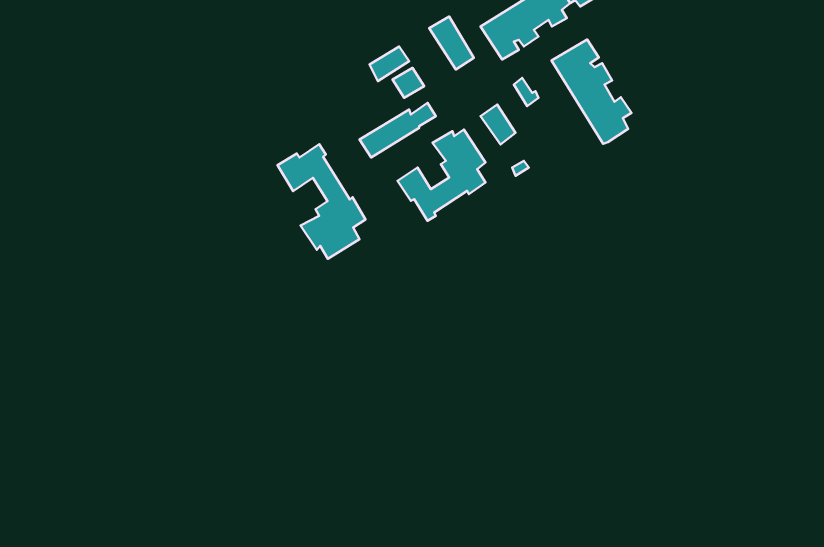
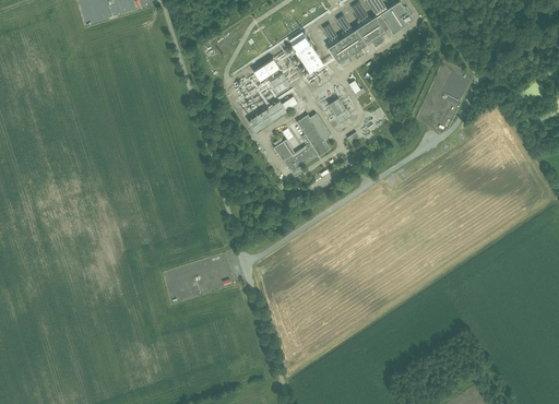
building: [552,39,631,144] -> none
building: [277,144,365,259] -> none

